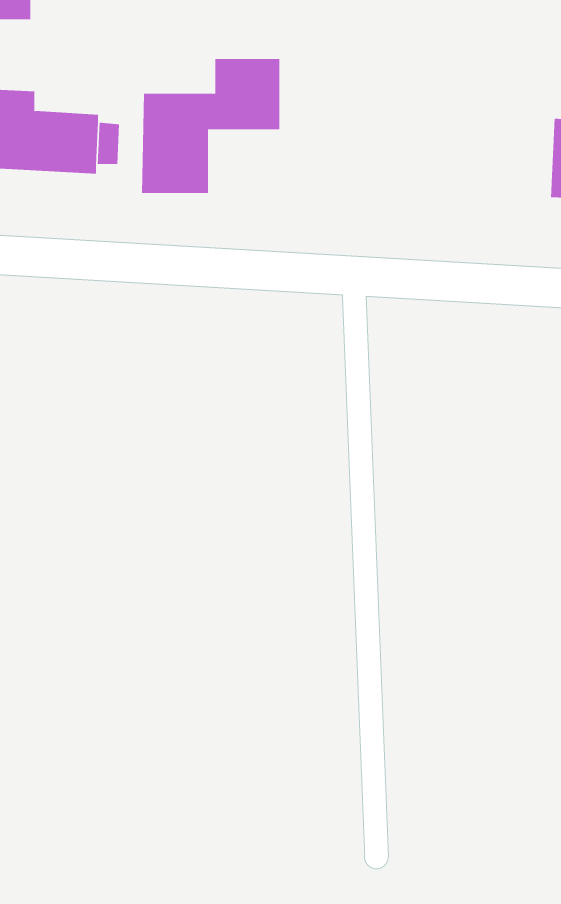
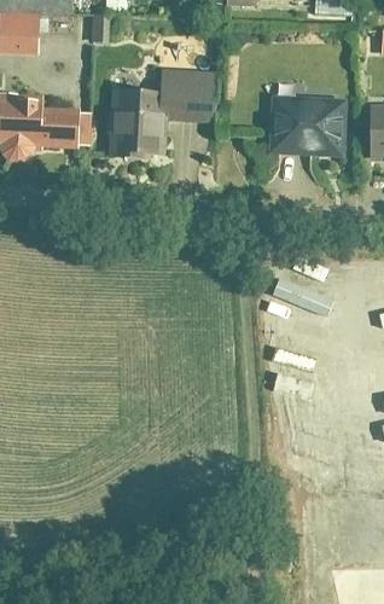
building: none -> [270,103,333,153]

